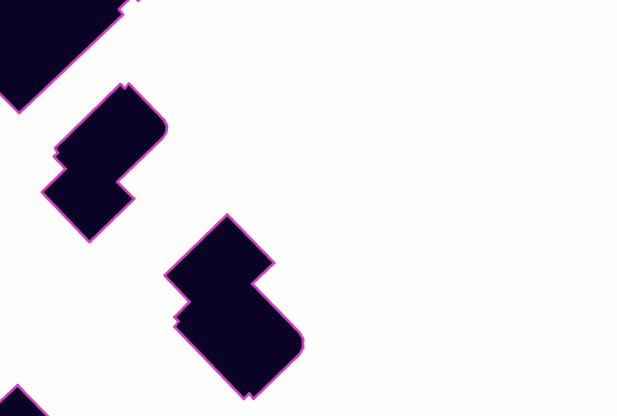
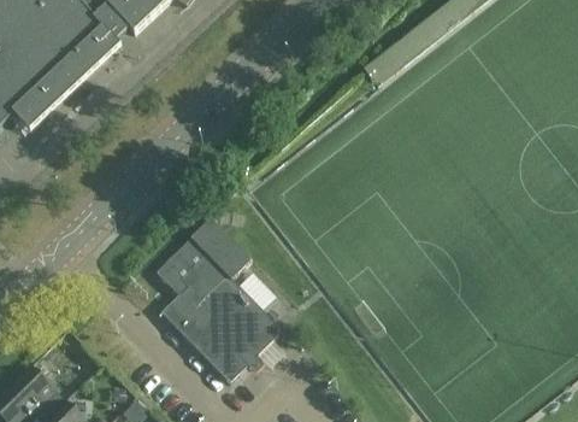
building: [42,84,167,242] -> none

